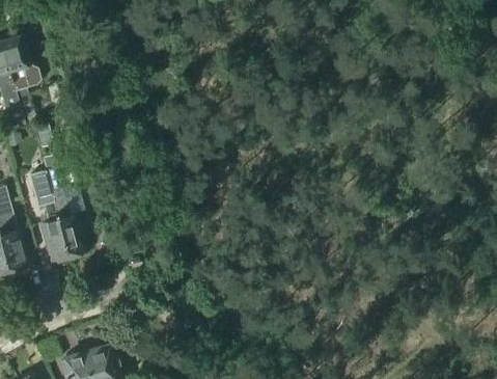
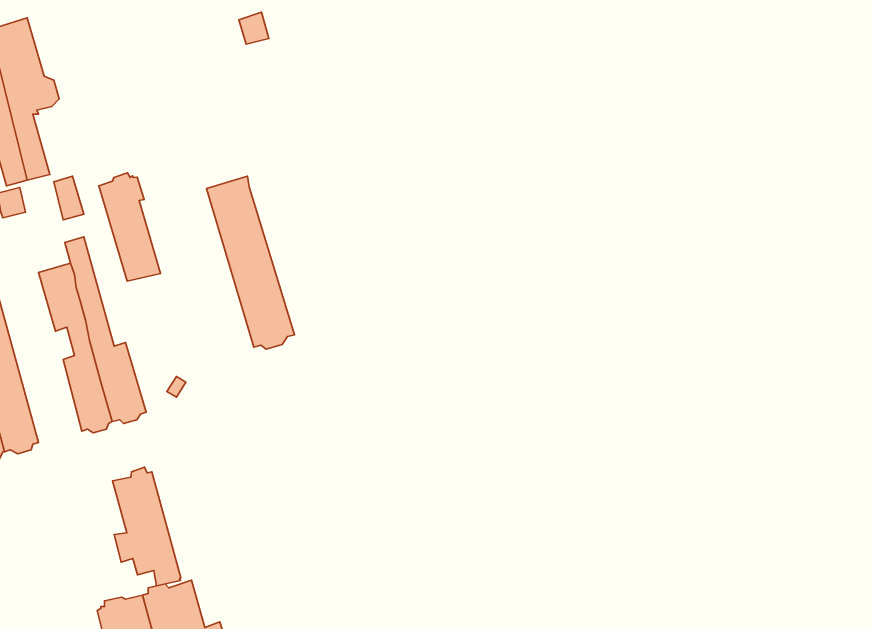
building: none -> [99,173,161,281]
building: none -> [207,176,295,349]
building: none -> [113,467,181,586]

